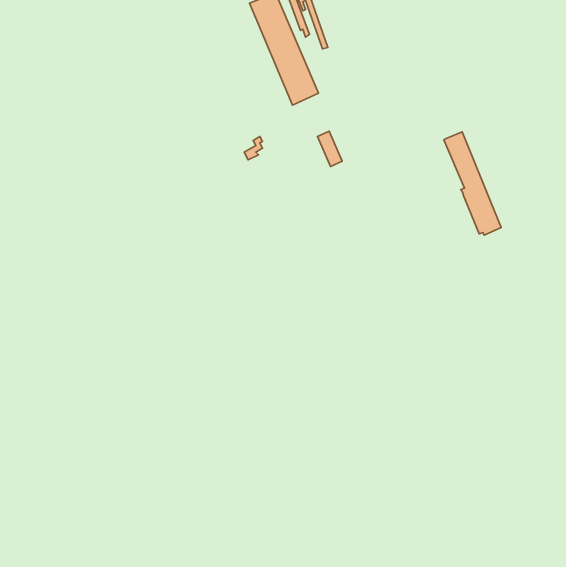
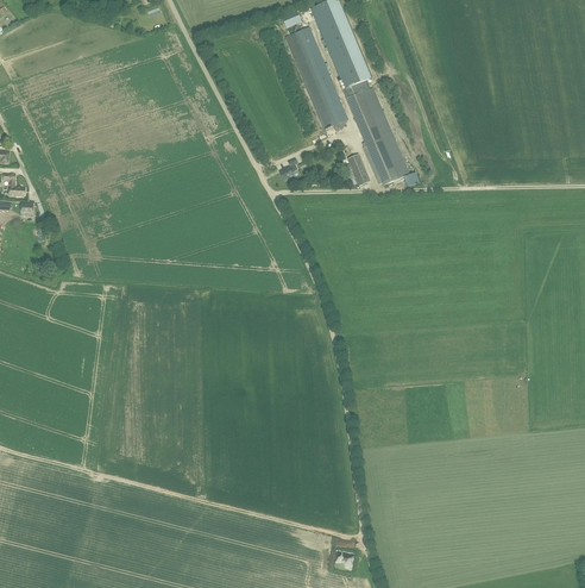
building: [444,132,501,235] -> [347,90,400,184]

